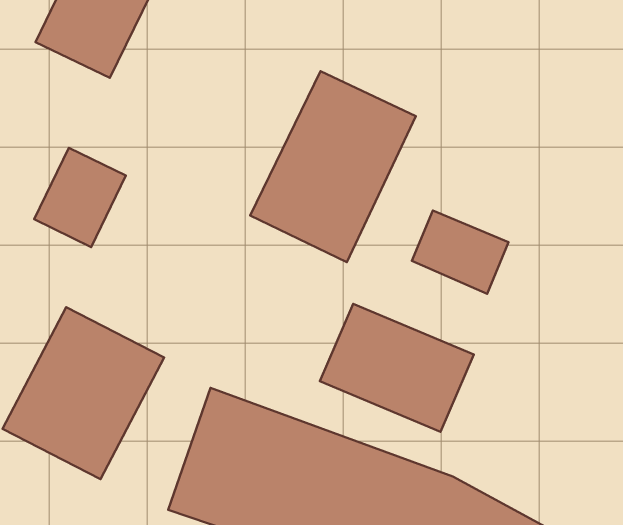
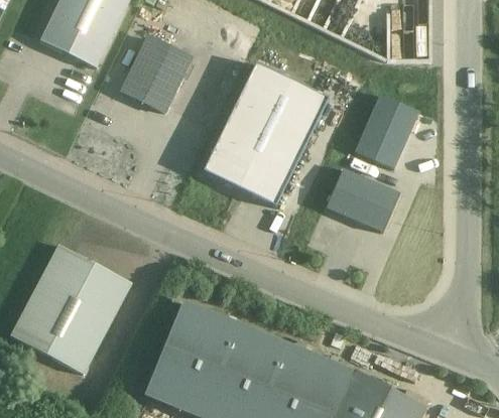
building: none -> [353,90,417,163]
building: [34,148,126,247] -> [121,36,191,112]
building: [320,304,474,432] -> none

